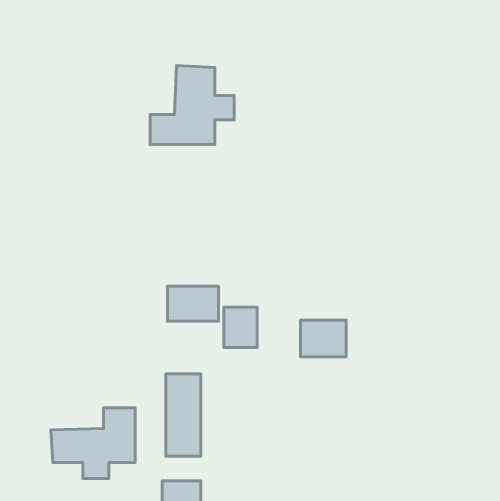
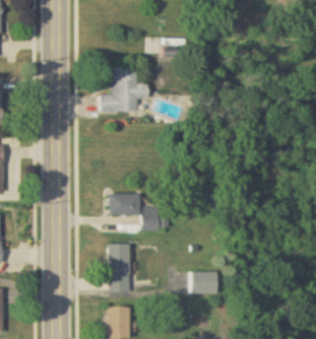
building: [301,320,346,357] -> [191,272,217,293]
building: [51,408,135,479] -> none

